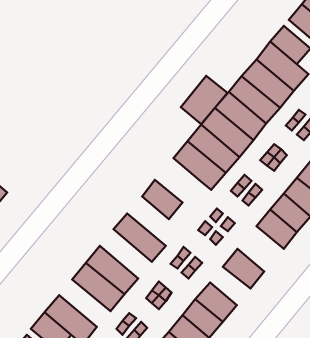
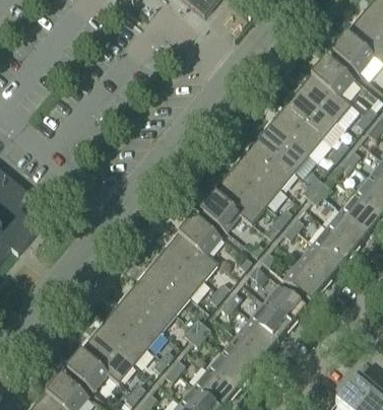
building: [181,76,228,124] -> none
building: none -> [198,190,240,229]
building: none -> [165,229,218,280]
building: none -> [283,260,326,300]
building: none -> [136,263,190,314]
building: none -> [250,301,292,341]
building: none -> [94,315,147,363]

